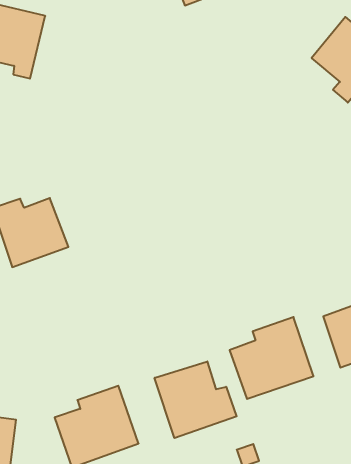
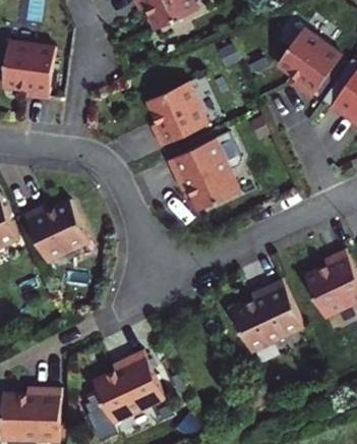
building: none -> [144,82,204,149]
building: none -> [166,133,238,212]
building: [155,361,237,438] -> none

